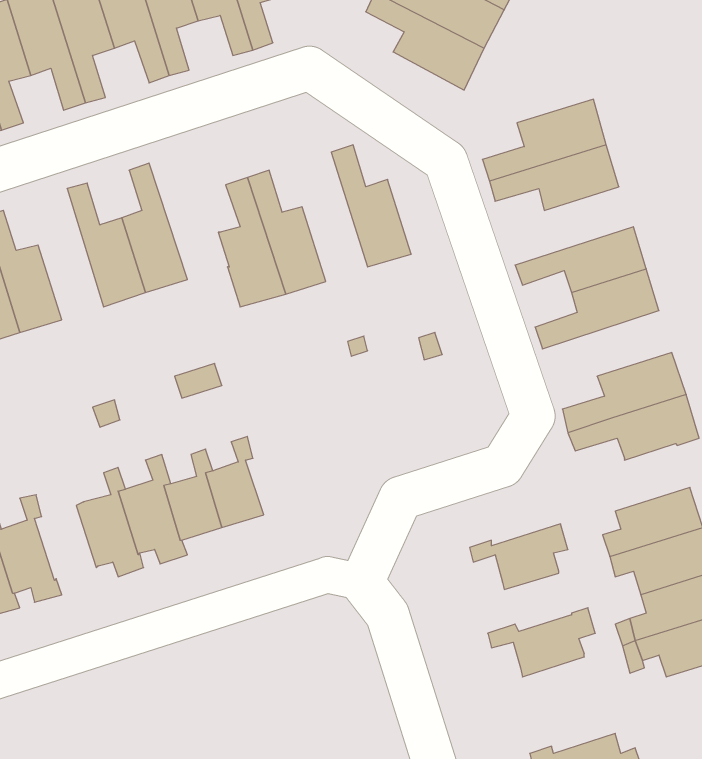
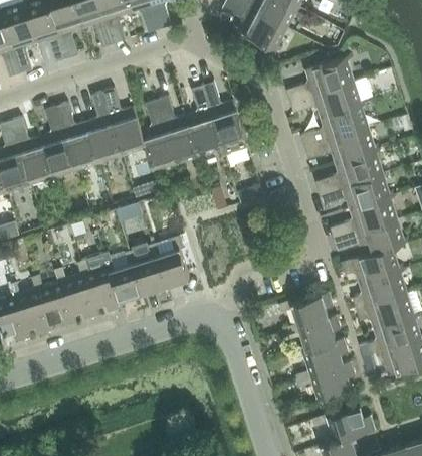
building: none -> [186,86,222,157]
building: none -> [101,88,146,156]
building: none -> [300,105,369,148]
building: none -> [40,106,76,178]
building: none -> [319,173,390,209]
building: none -> [155,235,189,286]
building: none -> [341,247,400,284]
building: none -> [38,268,75,327]
building: none -> [285,314,340,350]
building: none -> [295,360,355,399]

